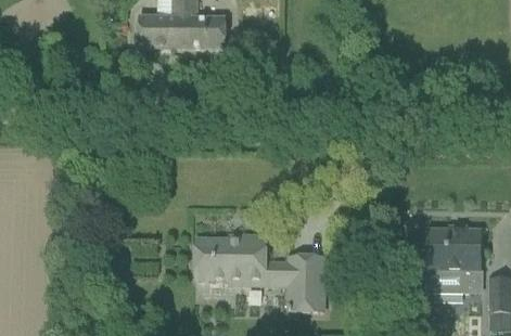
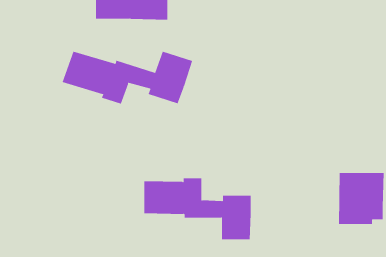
building: none -> [62,51,193,105]

